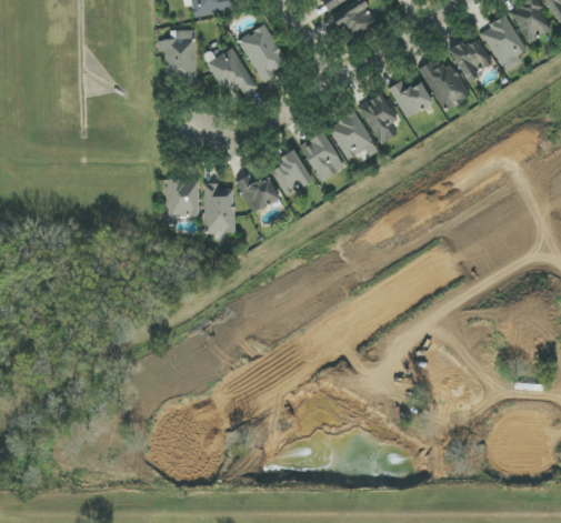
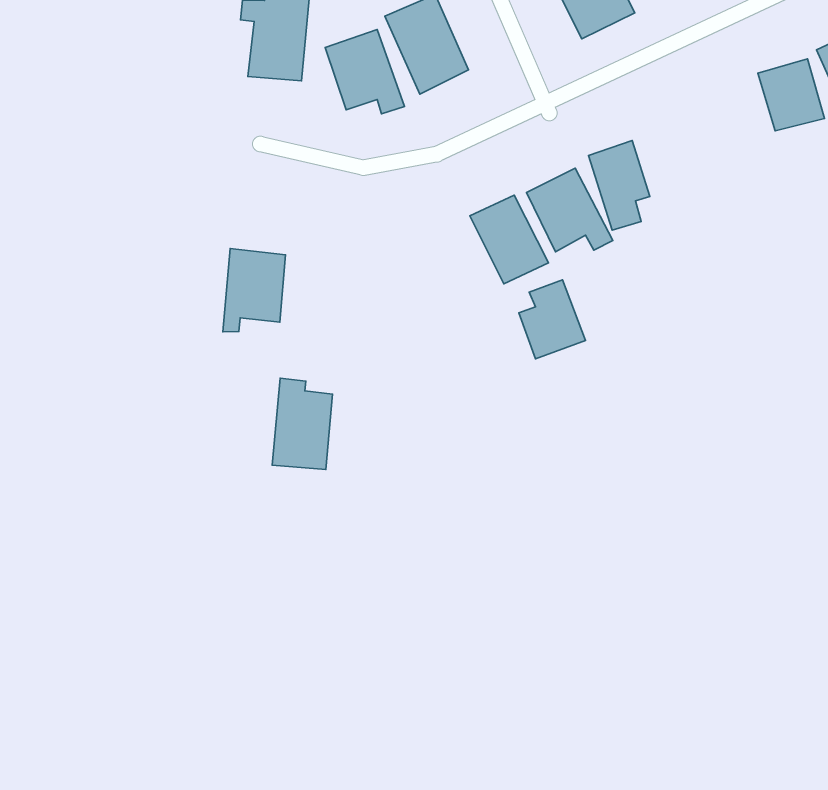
building: [420,61,468,110] -> none
building: [389,81,431,118] -> none
building: [272,149,311,194] -> [519,280,586,359]
building: [236,175,279,213] -> none
building: [203,183,234,232] -> [272,378,332,469]

